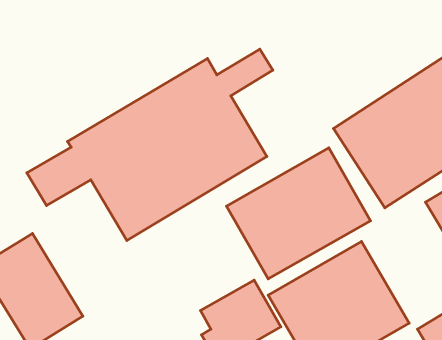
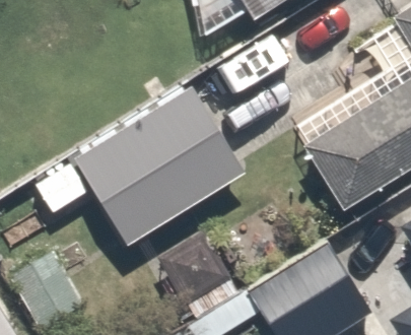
building: [226,148,371,279] -> none

